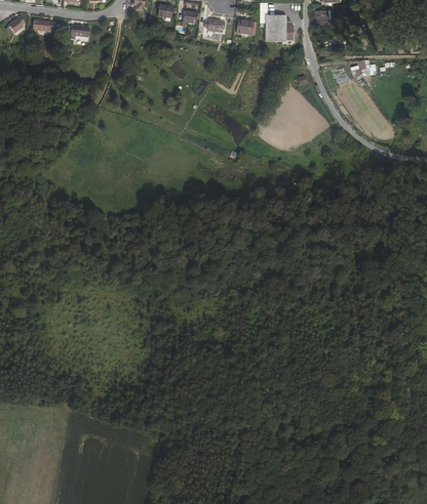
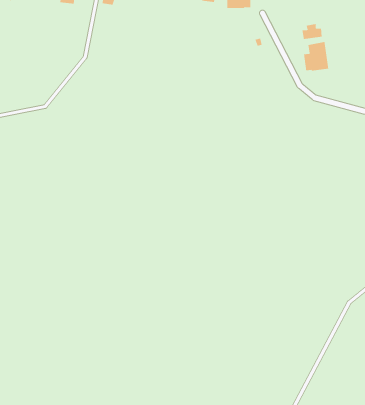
building: none -> [303,41,329,72]

